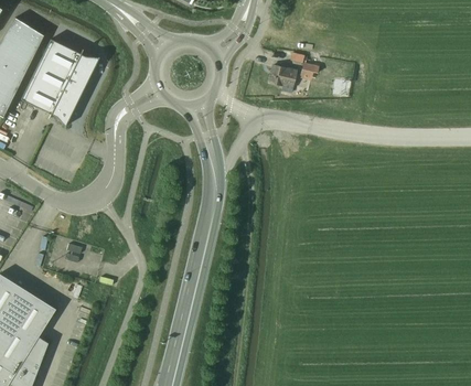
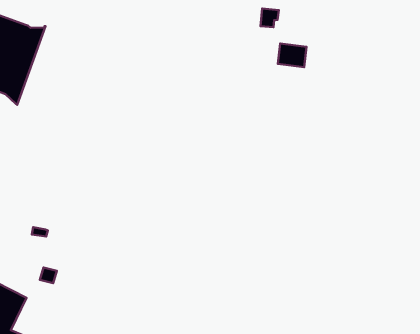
building: [268,64,297,88] -> [278,43,307,67]

